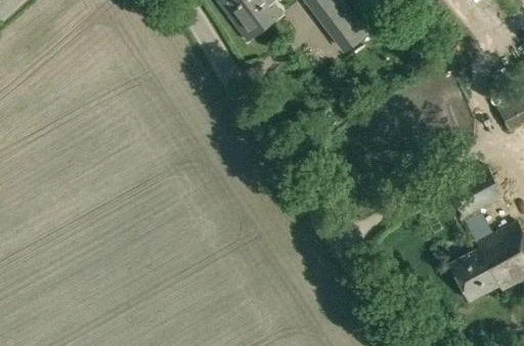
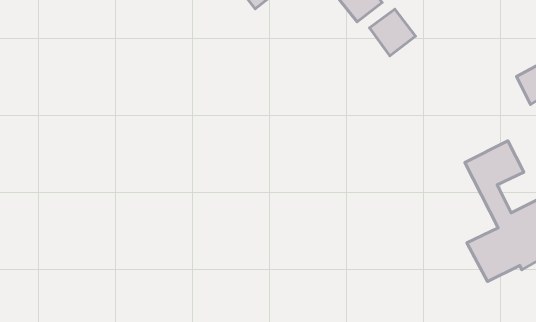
building: none -> [369,9,415,56]

